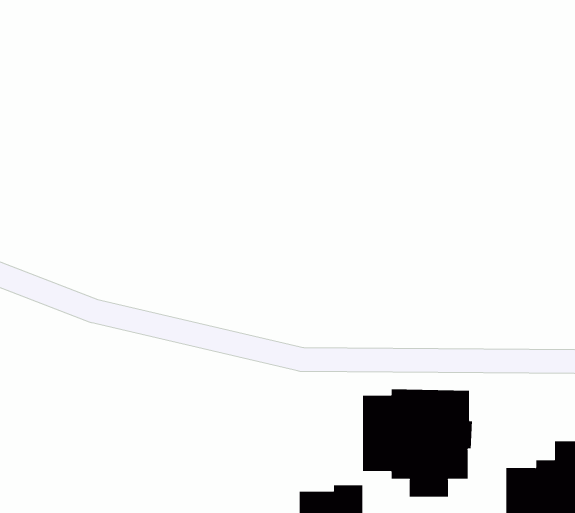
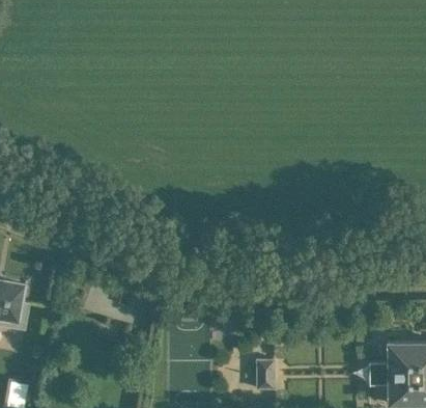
building: [362,389,473,498] -> none

